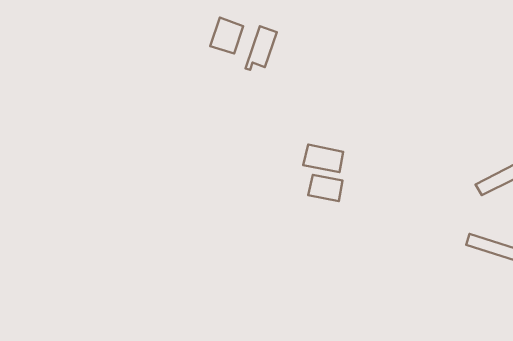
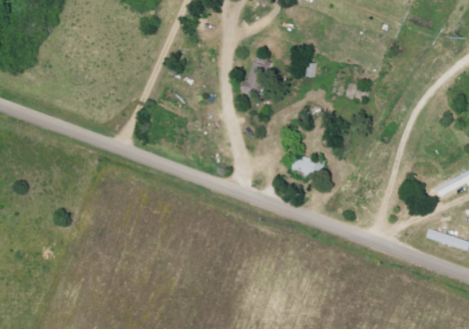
building: [210,18,243,54] -> none
building: [308,175,342,201] -> none

